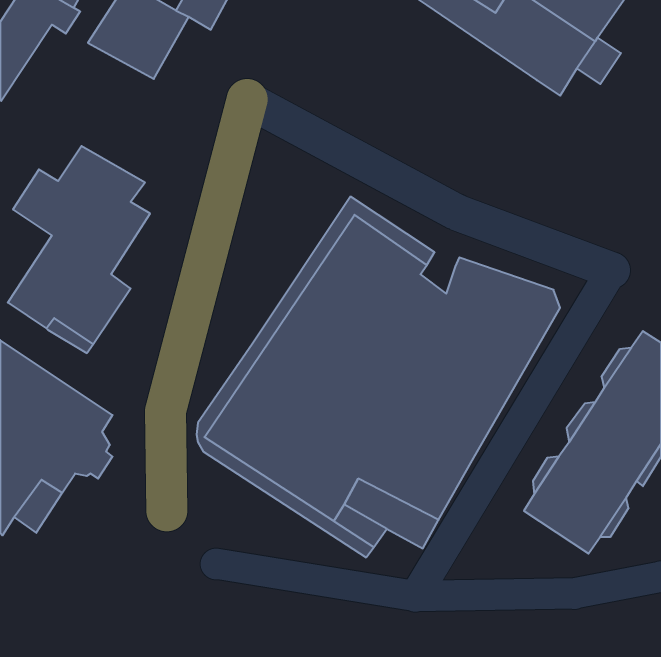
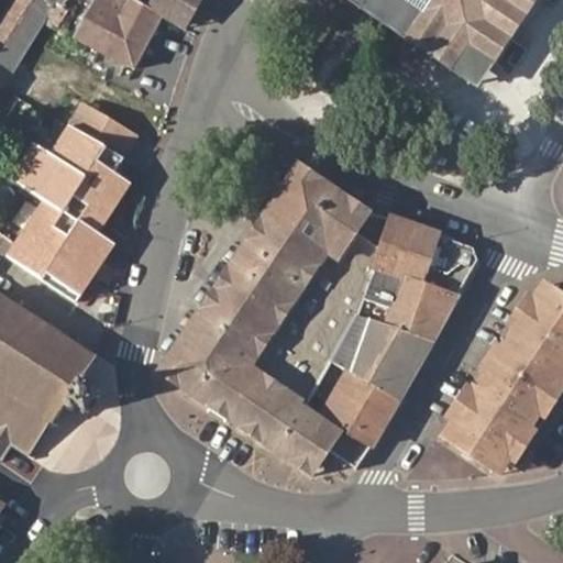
building: none -> [69,102,137,155]

